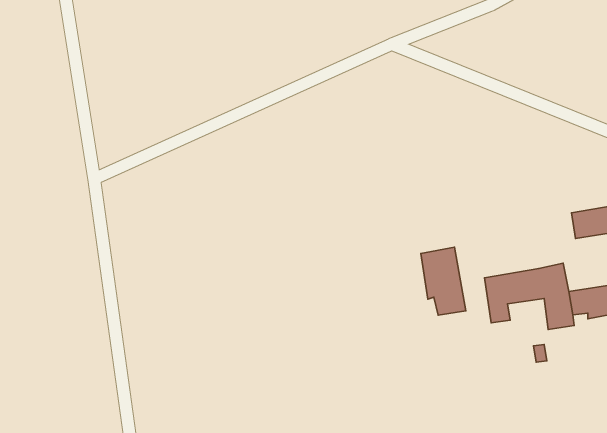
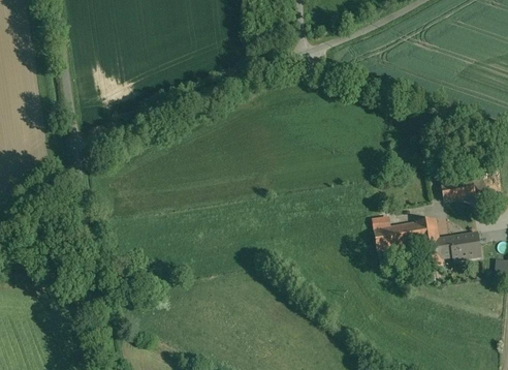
building: [421,247,466,315] -> none

